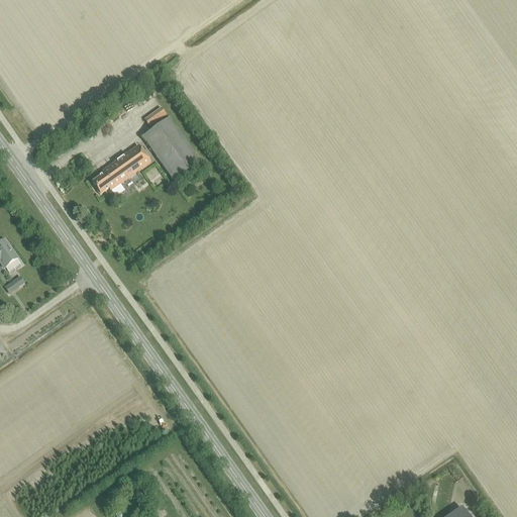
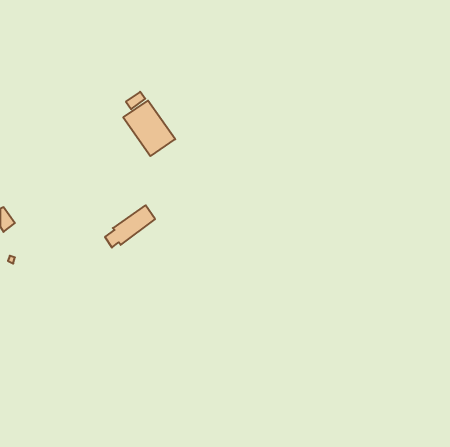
building: [92,142,149,191] -> [105,205,155,248]

